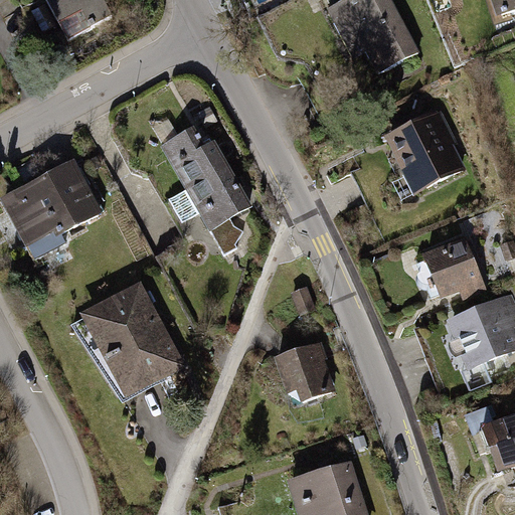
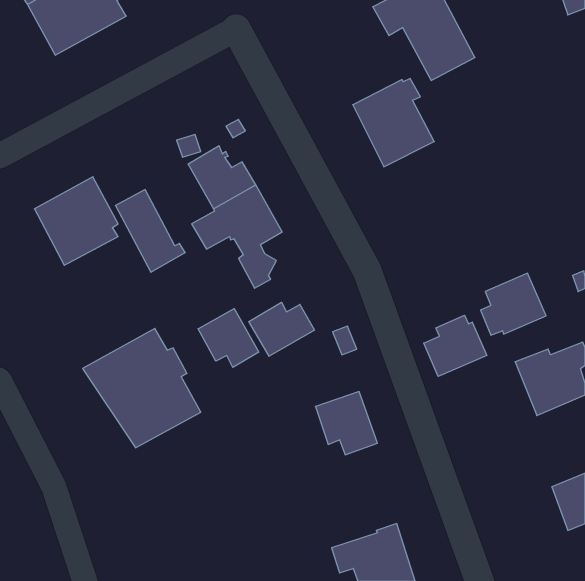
building: [389,111,461,188] -> [353,78,434,167]
building: [4,183,65,255] -> [115,190,185,272]
building: none -> [249,302,314,356]
building: none -> [198,309,259,367]
building: none -> [424,315,487,376]

